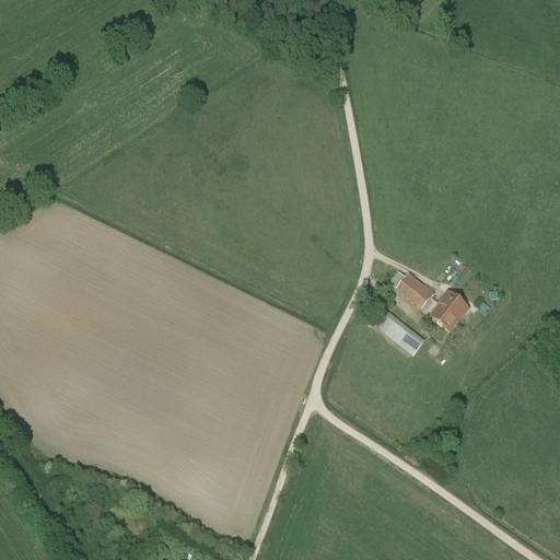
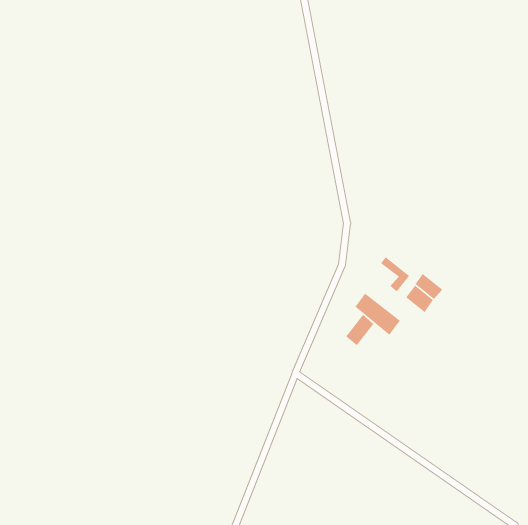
building: [388,270,421,303] -> none
building: none -> [345,314,374,347]

